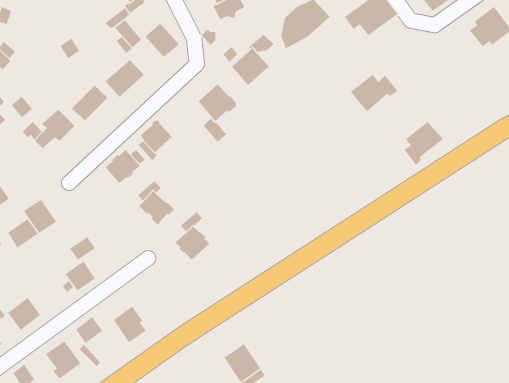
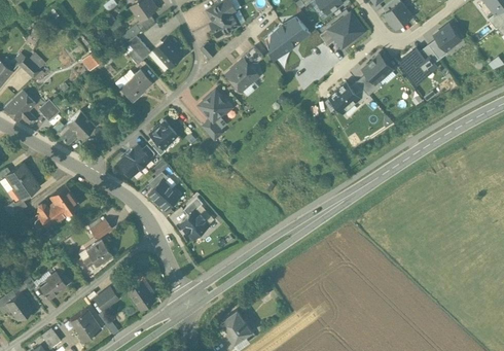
building: none -> [395,42,439,84]
building: [71,85,108,121] -> none
building: [404,121,444,166] -> [358,58,392,96]

